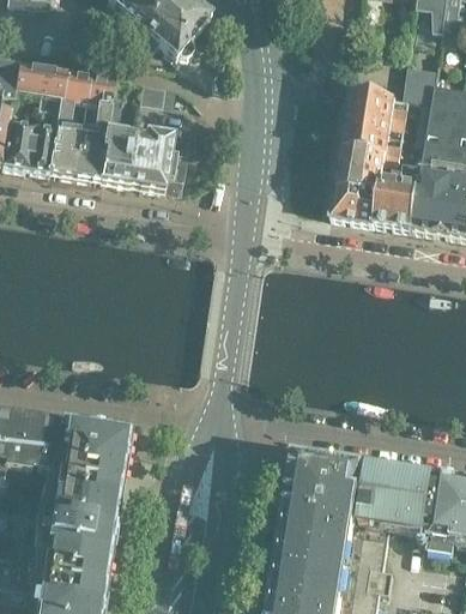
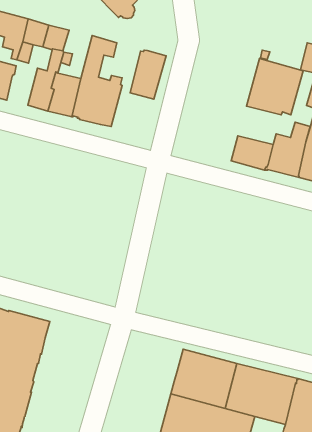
building: none -> [130,50,166,99]
building: [49,122,83,173] -> none
building: [335,146,386,189] -> none

